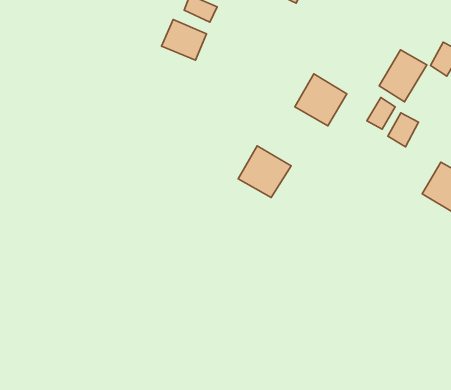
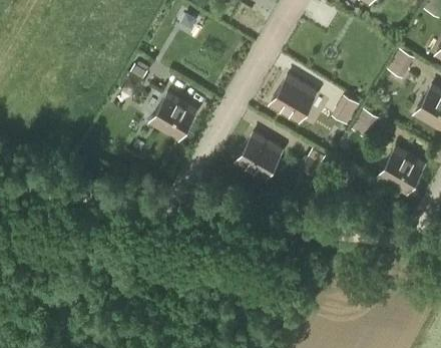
building: [161,19,206,60] -> none
building: [379,50,427,102] -> none
building: none -> [154,94,199,138]

